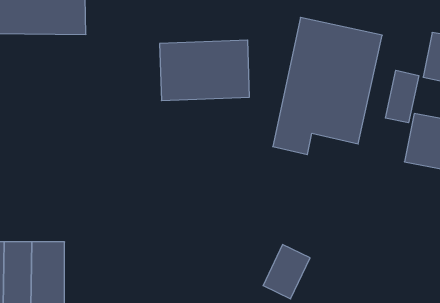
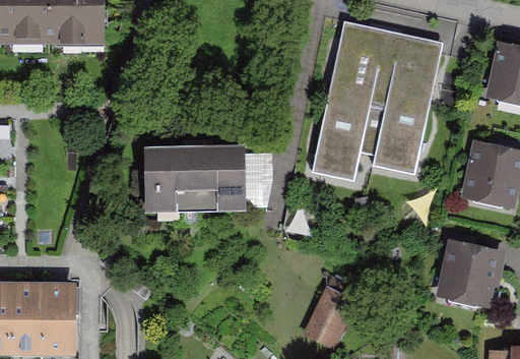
building: [160,40,249,101] -> [147,143,250,213]
building: [385,70,419,123] -> none
building: none -> [436,238,500,302]

